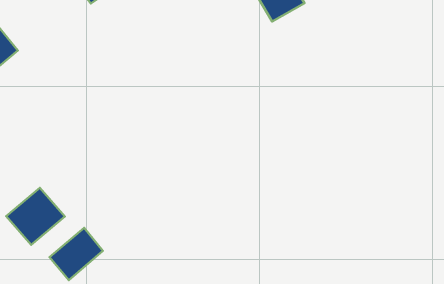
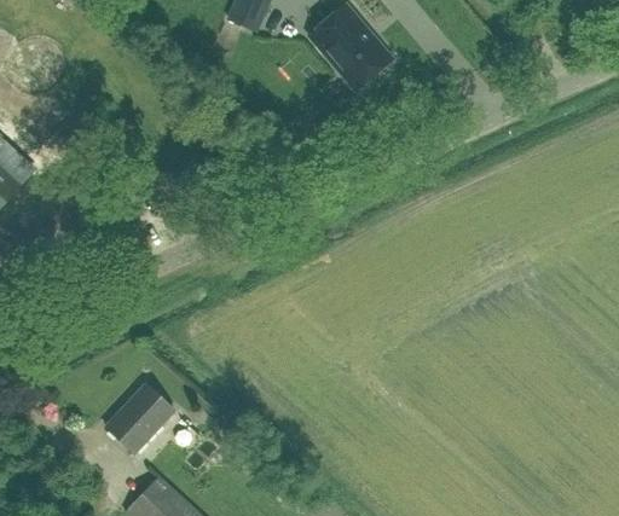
building: [6,188,65,245] -> none

